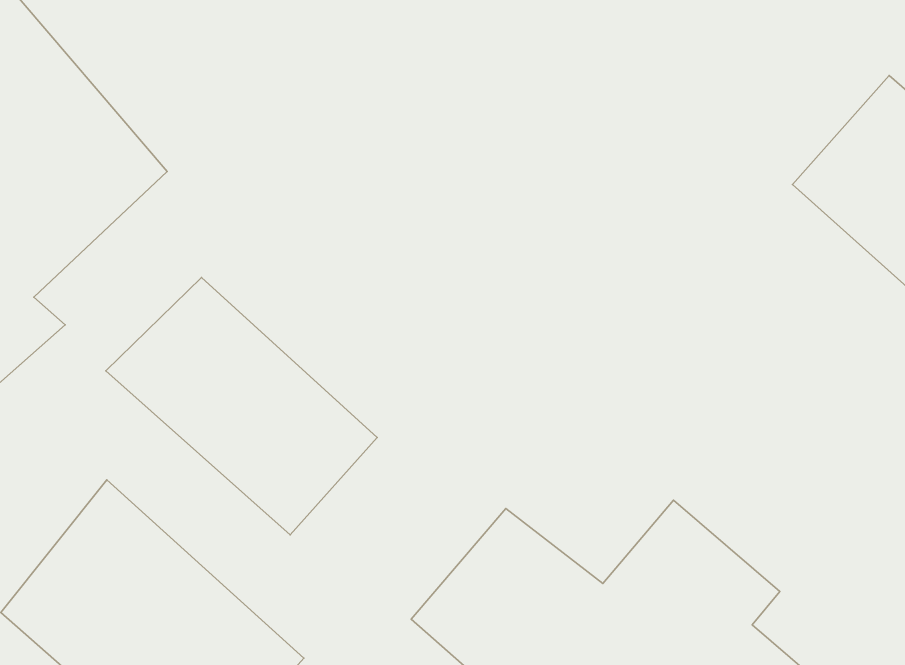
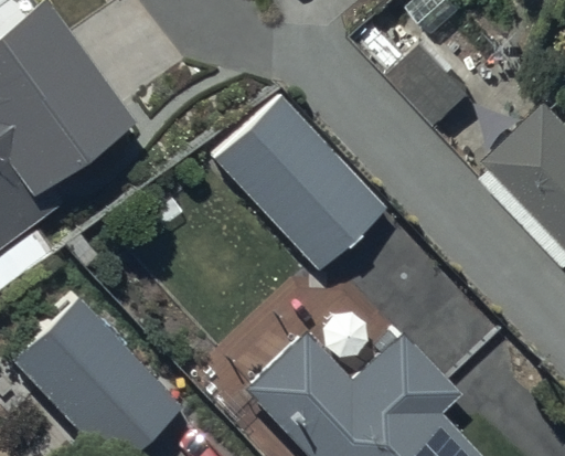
building: none -> [210,96,384,274]
building: [106,277,377,535] -> none

